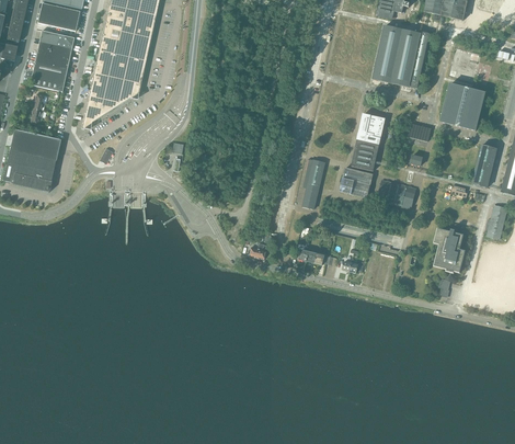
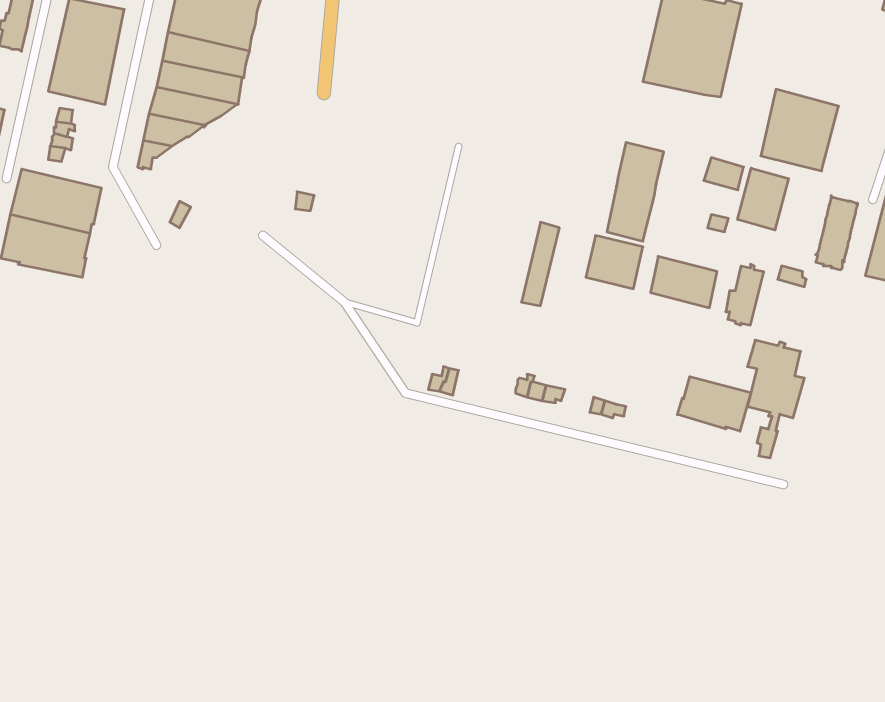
building: none -> [738,168,789,230]
building: [485,203,507,238] -> [726,264,764,325]
building: none -> [677,377,751,431]

